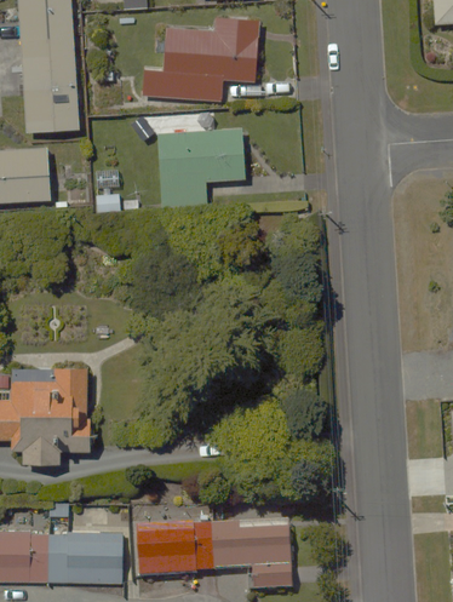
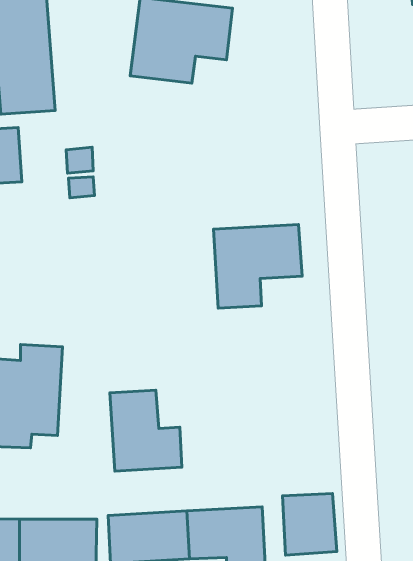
building: [159,127,246,210] -> [213,224,302,308]
building: none -> [110,390,182,471]
building: none -> [283,493,337,555]

